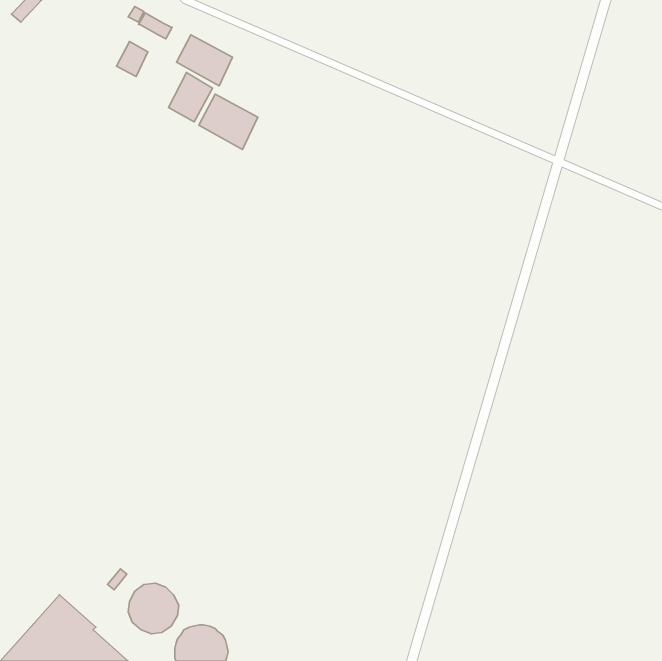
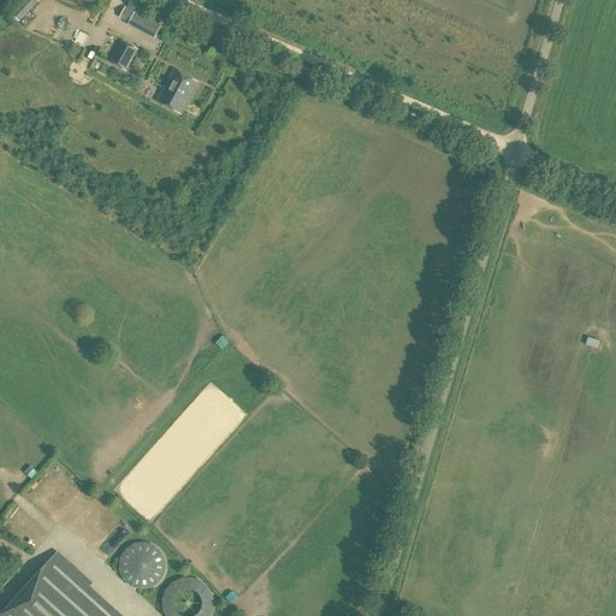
building: [177,35,233,86] -> none
building: [199,94,258,149] -> none

